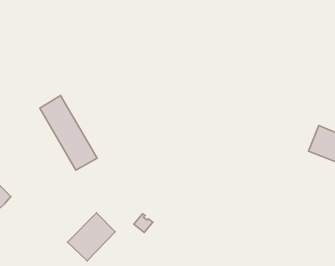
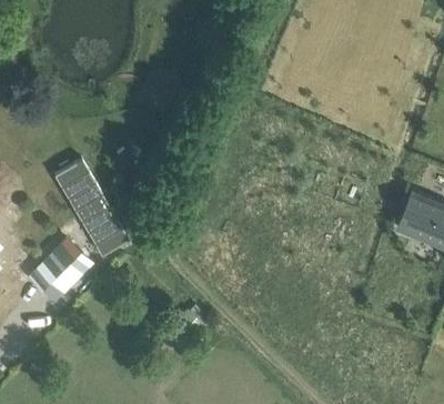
building: [67,213,115,261] -> [29,236,91,299]

